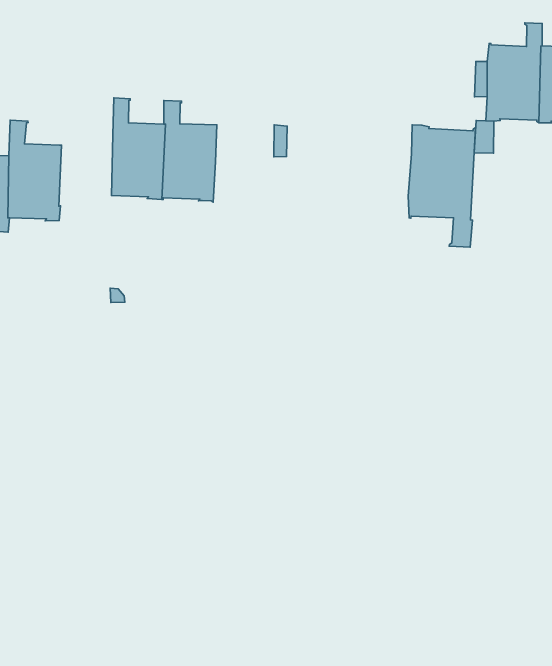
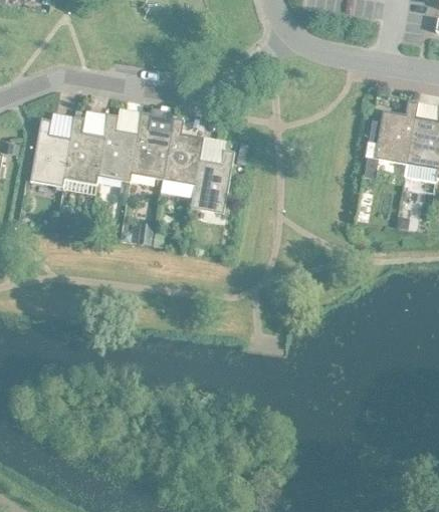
building: none -> [97,114,138,182]
building: [408,125,476,247] -> none
building: none -> [190,150,235,214]

